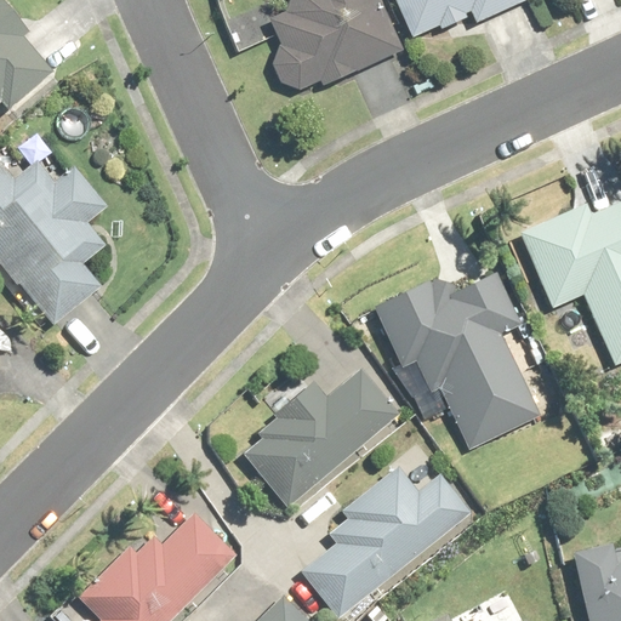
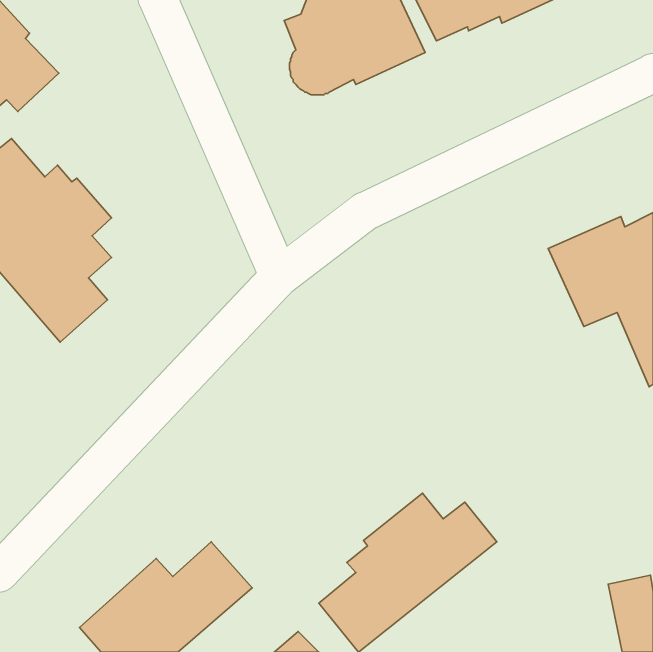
building: [371,272,543,455] -> none
building: [241,372,400,503] -> none

